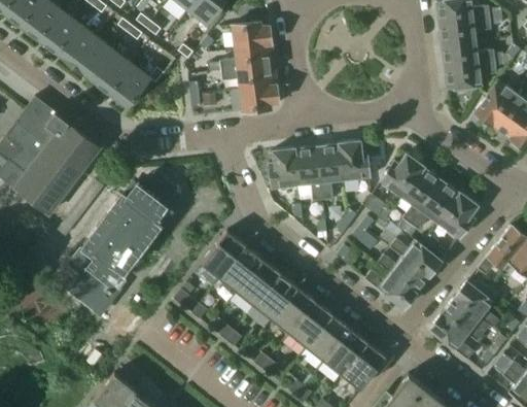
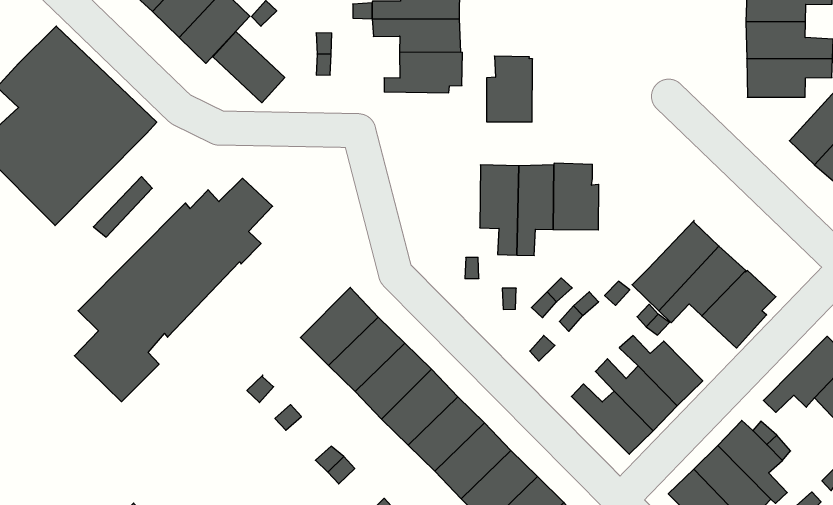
building: none -> [213,31,285,103]
building: [269,148,298,190] -> [487,56,533,122]
building: [379,154,424,199] -> none

